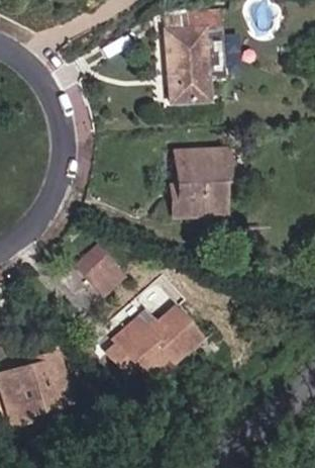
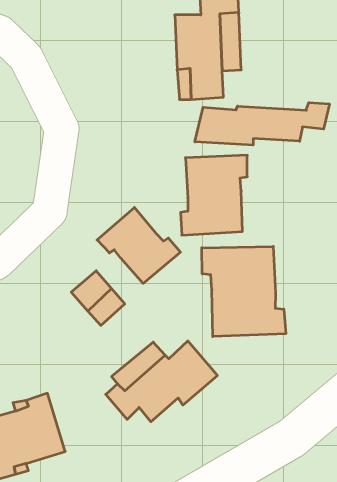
building: none -> [195,103,329,145]
building: none -> [97,207,180,283]
building: none -> [202,246,286,337]

